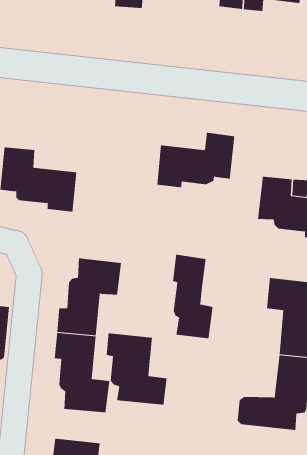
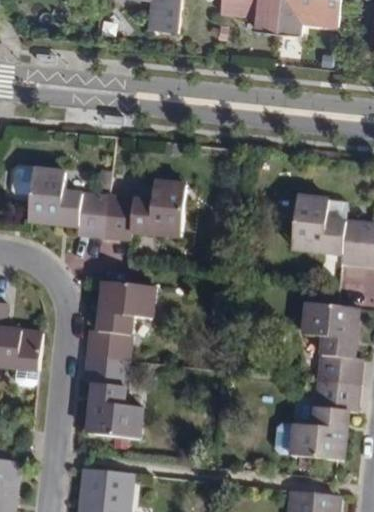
building: [156,132,235,188] -> [105,182,186,239]
building: [172,254,213,339] -> none
building: [106,332,167,405] -> none

